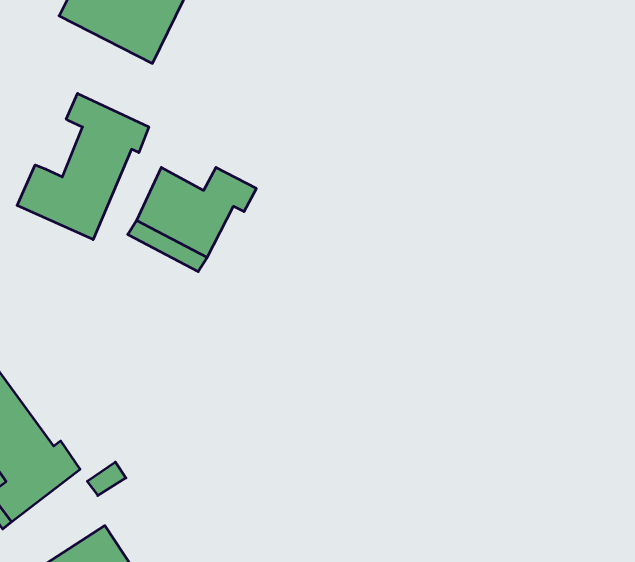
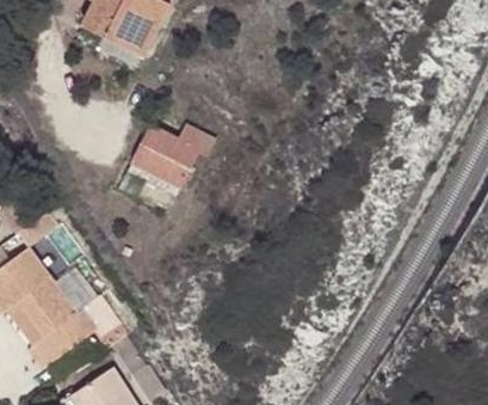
building: [17,93,149,240] -> none

